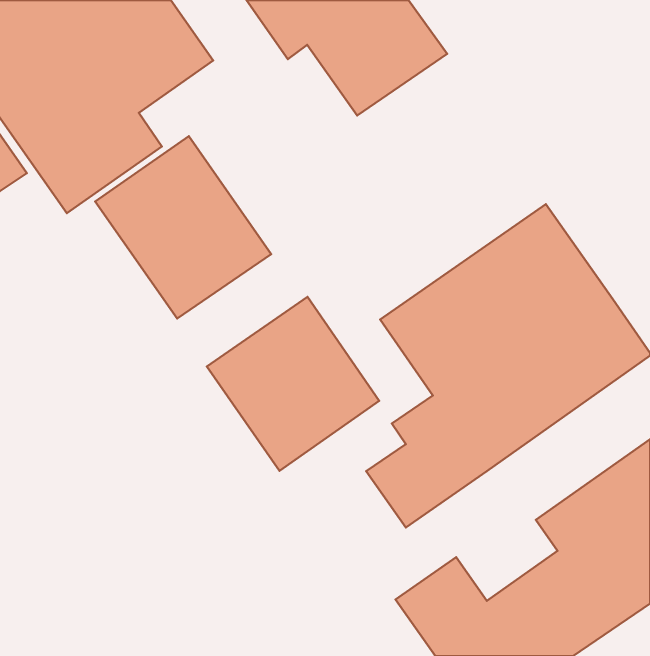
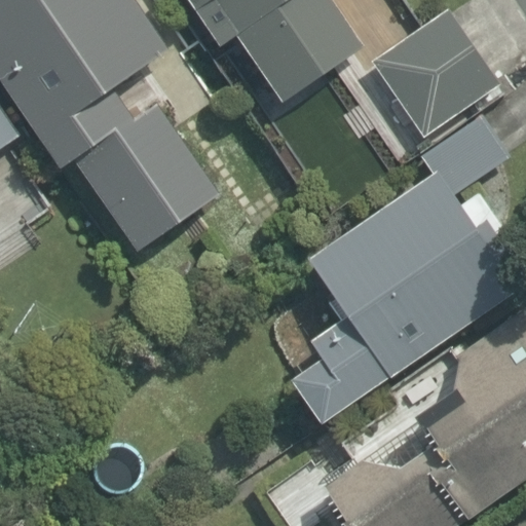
building: none -> [375,7,503,137]
building: [207,297,379,471] -> none

